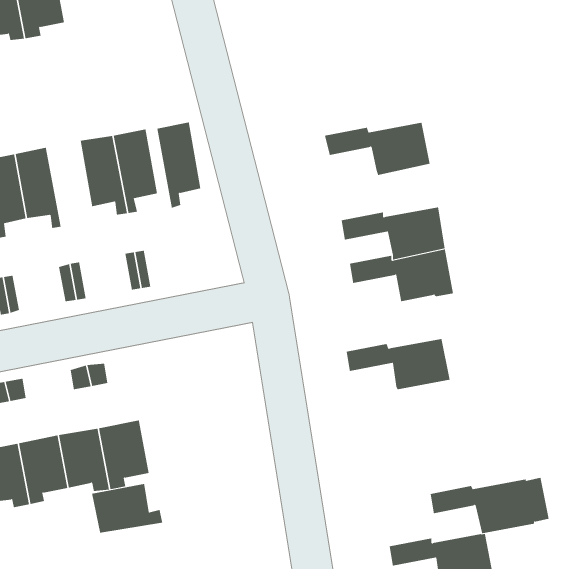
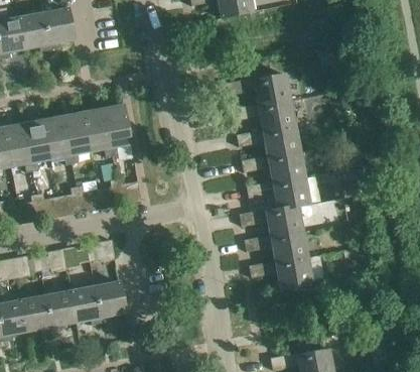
building: none -> [228,73,291,105]
building: [156,122,201,208] -> [63,110,91,162]
building: none -> [237,124,301,156]
building: none -> [240,204,303,236]
building: [430,477,550,534] -> [250,254,322,288]
building: [91,483,163,533] -> none

